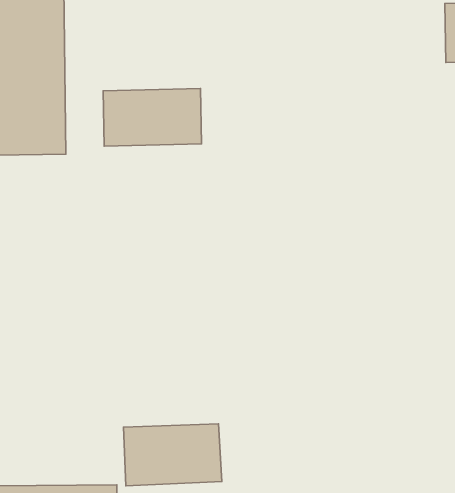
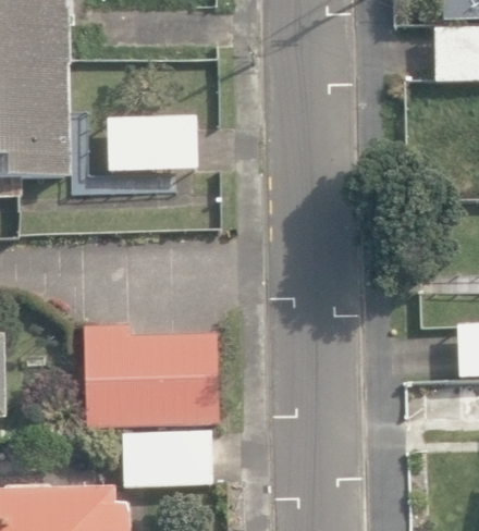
building: none -> [81,325,219,431]

